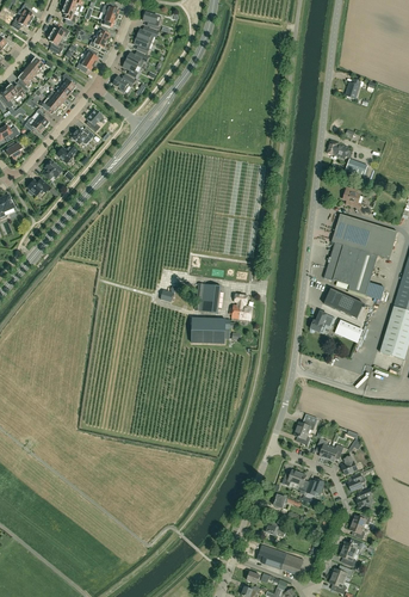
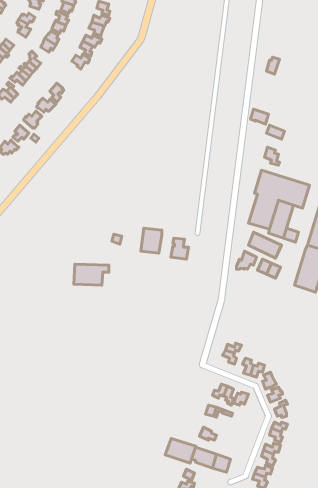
building: [191,319,233,344] -> [74,264,109,285]
building: none -> [165,439,196,463]

